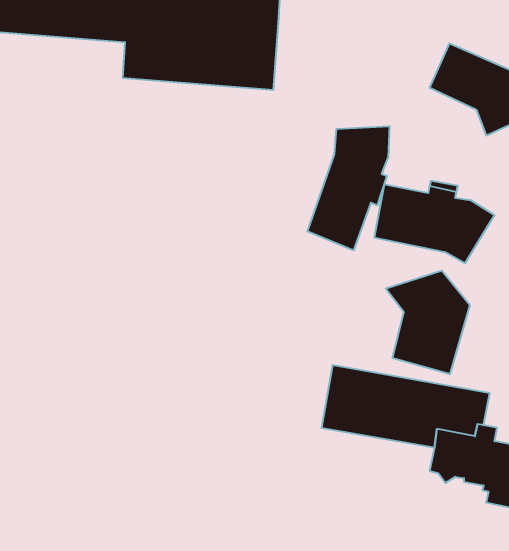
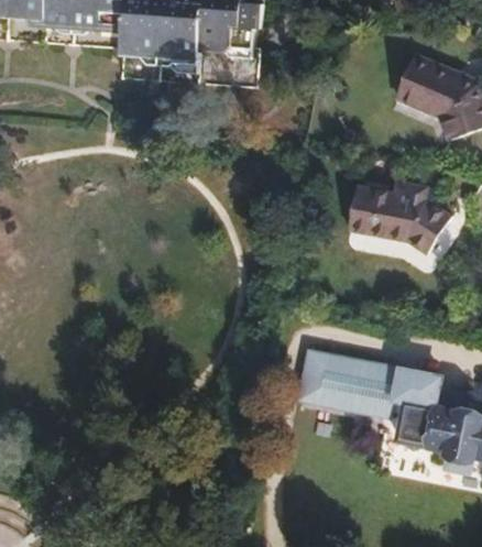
building: [307,126,389,250] -> none
building: [386,271,470,374] -> none

